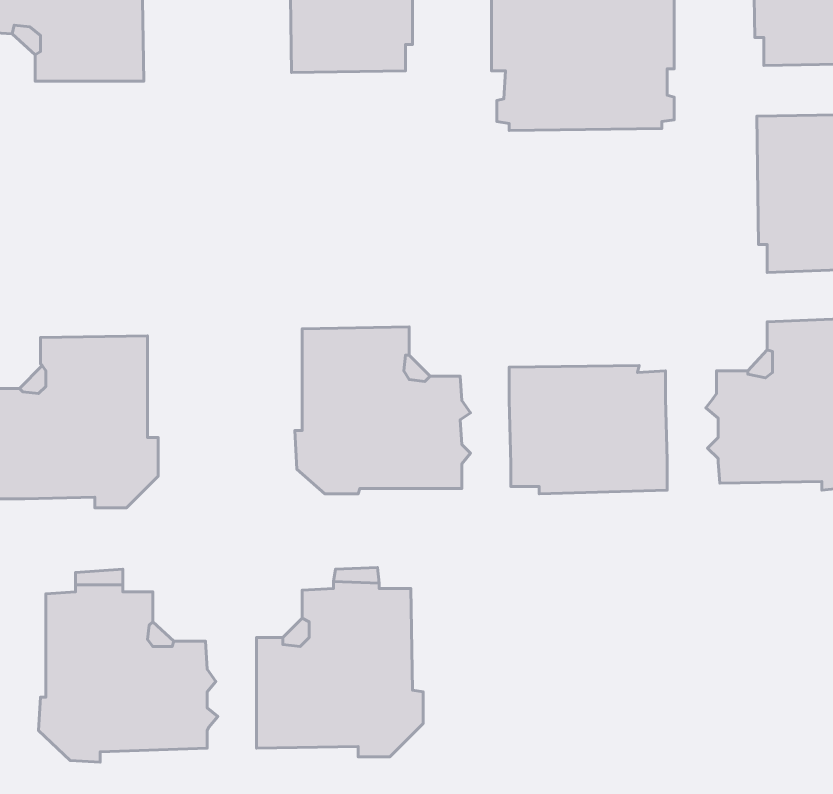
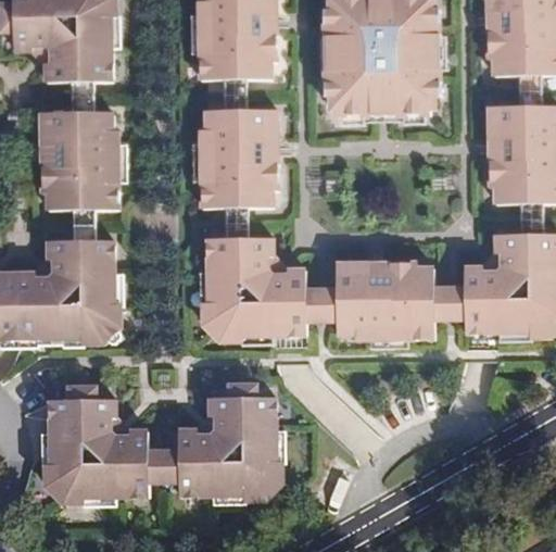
building: none -> [202,108,278,205]
building: none -> [39,114,116,212]
building: none -> [432,280,465,319]
building: none -> [305,281,337,321]
building: none -> [149,448,179,485]

